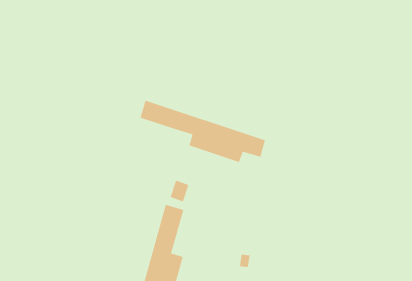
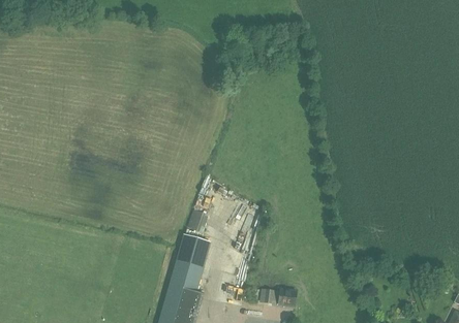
building: [140,100,266,163] -> none

